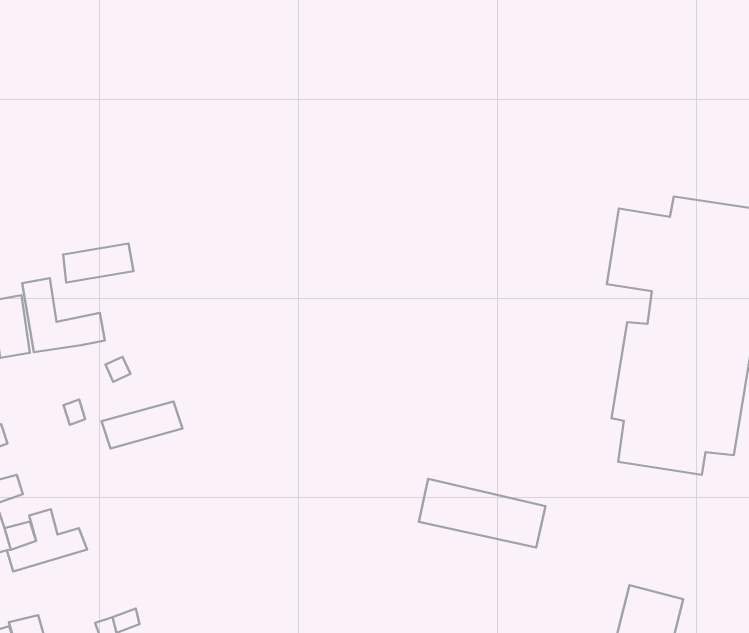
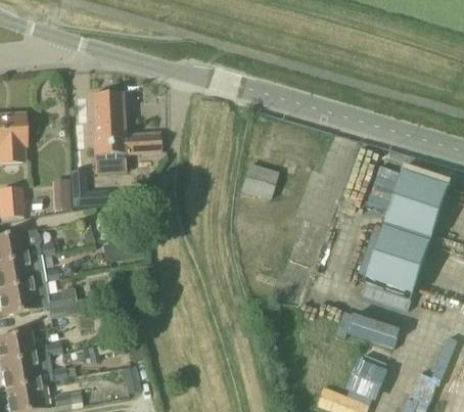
building: none -> [91,93,160,155]
building: none -> [240,162,278,199]
building: [419,479,546,547] -> [337,308,403,349]

